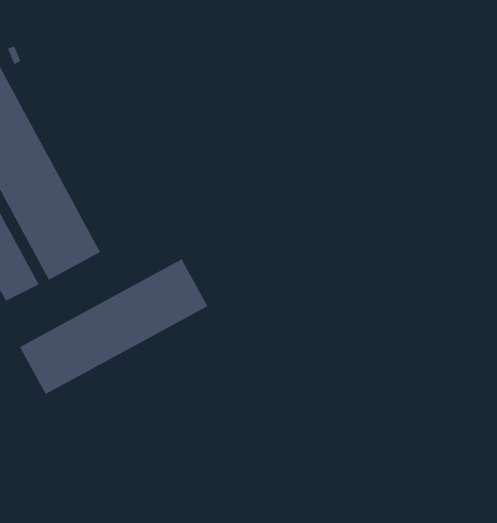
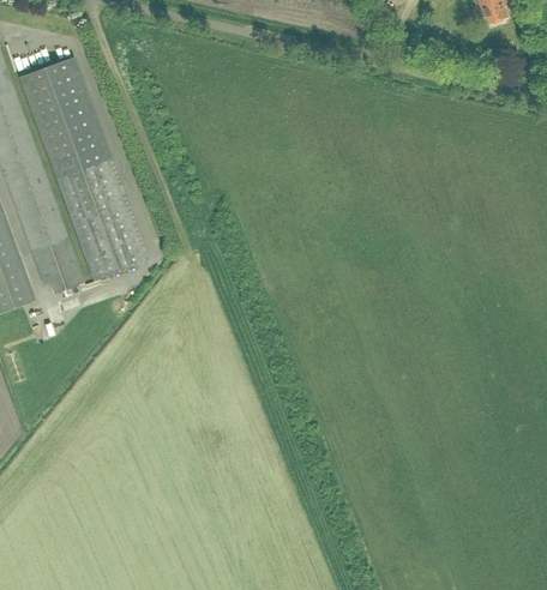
building: [19,259,208,395] -> none

